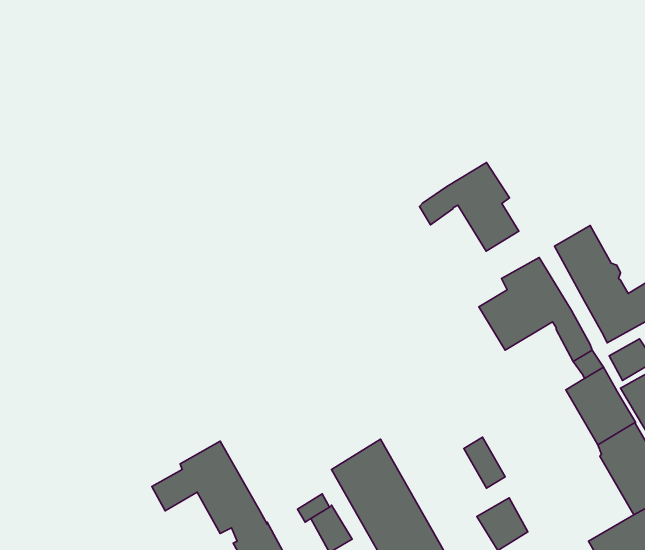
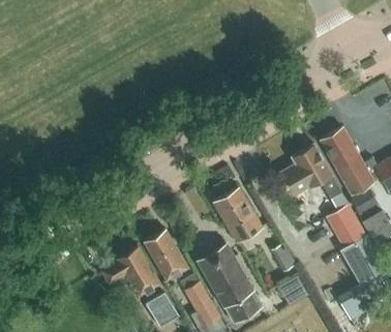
building: [419,162,519,251] -> none
building: none -> [213,188,261,241]
building: none -> [144,231,187,281]

